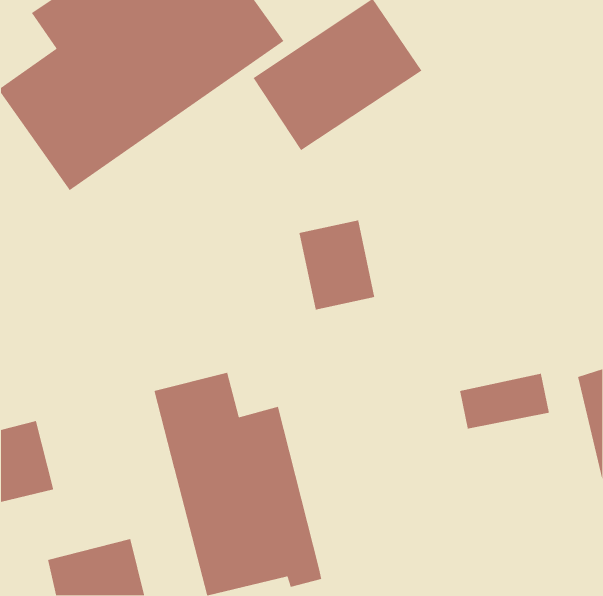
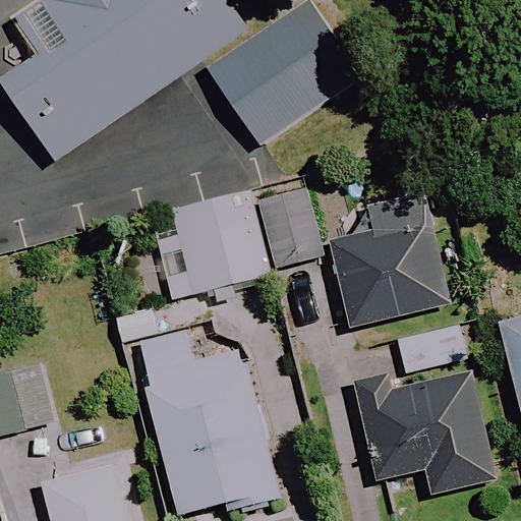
building: none -> [329,185,453,327]
building: none -> [176,198,266,292]
building: none -> [355,369,495,494]

